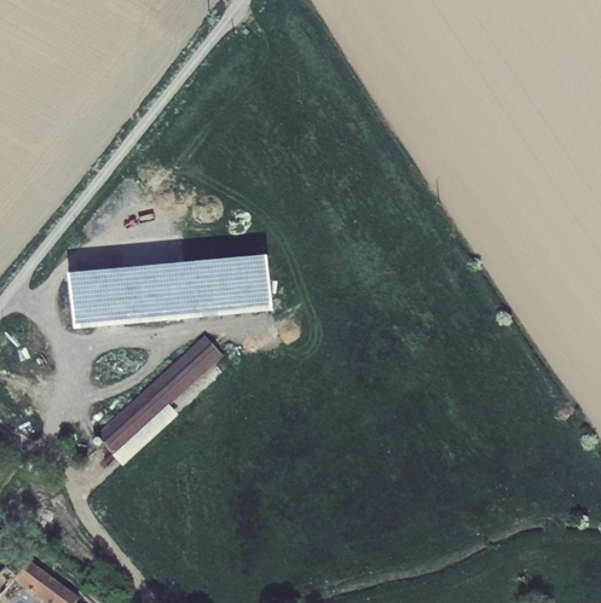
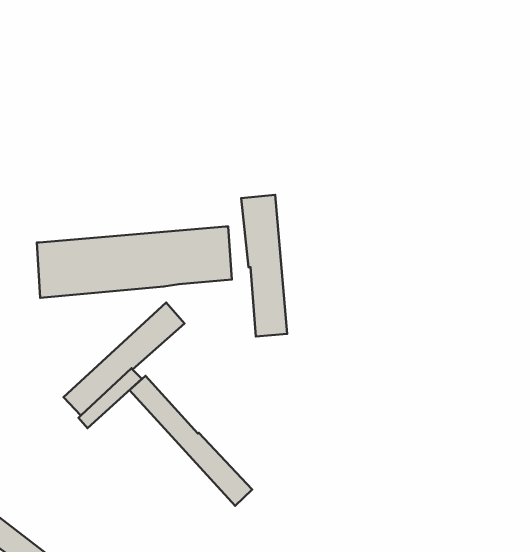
building: none -> [241,195,287,336]
building: none -> [129,376,252,506]

